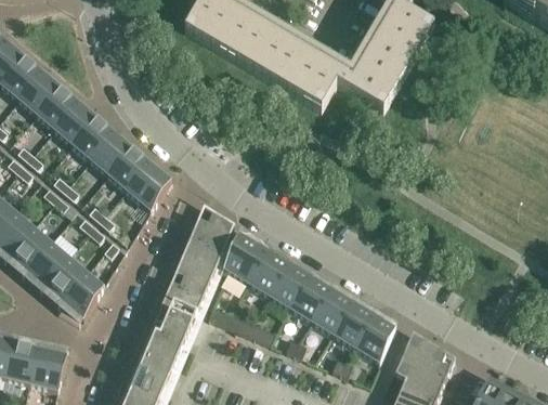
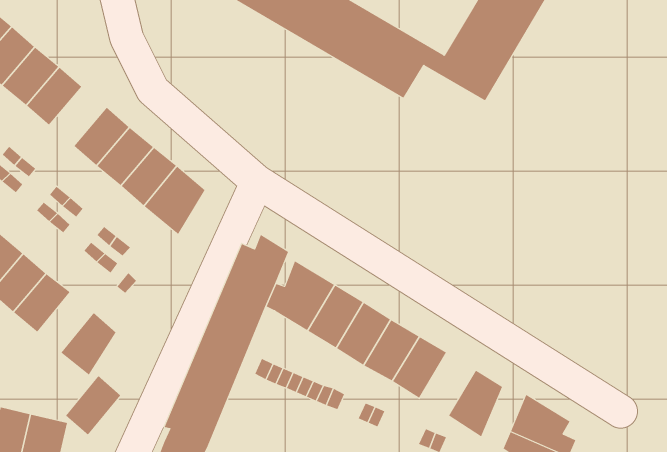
building: [53,99,96,143] -> none
building: [44,253,87,299] -> [65,375,121,436]
building: [332,299,375,347] -> none

